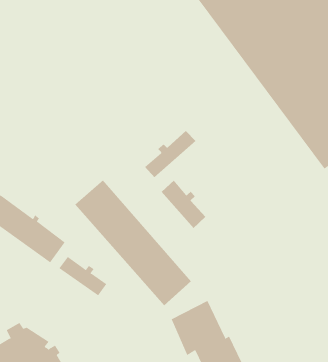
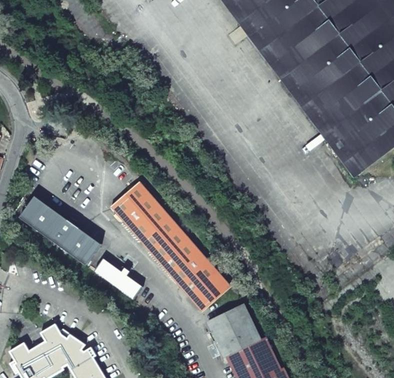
building: [144,130,196,178] -> none
building: [161,180,206,229] -> none

